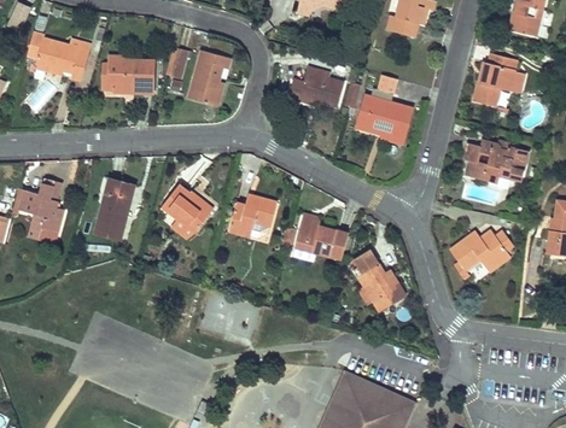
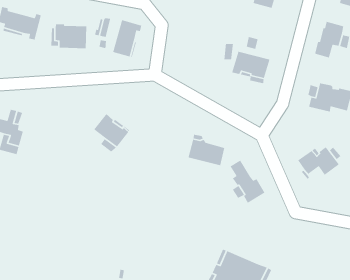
building: [287,72,343,106] -> none
building: [95,178,134,239] -> none
building: [228,195,278,236] -> none

